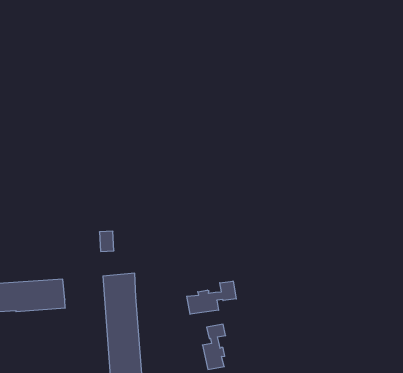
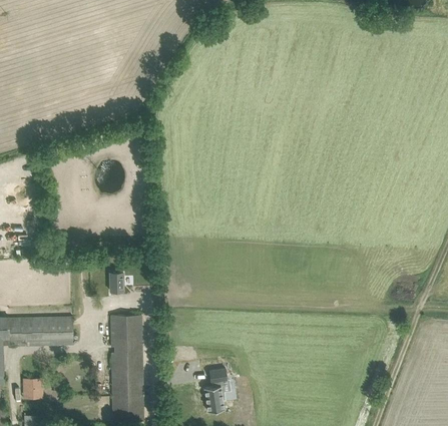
building: [187,281,236,314] -> none
building: none -> [23,378,42,398]

